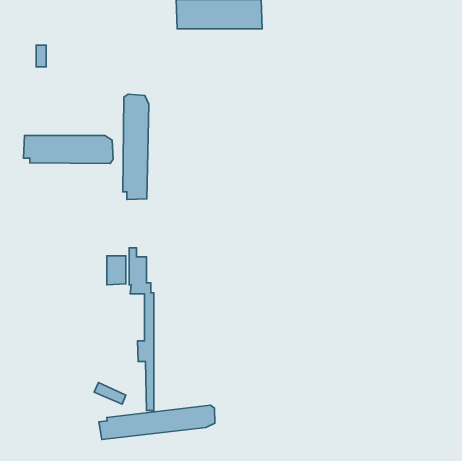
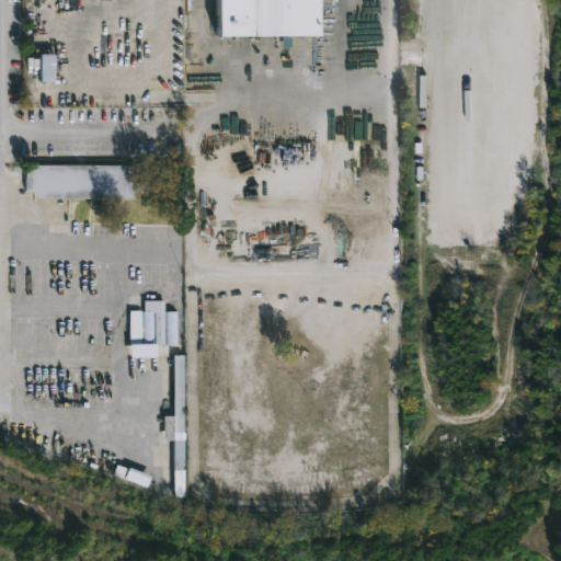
building: [123,94,149,199] -> none
building: [99,405,215,439] -> none

